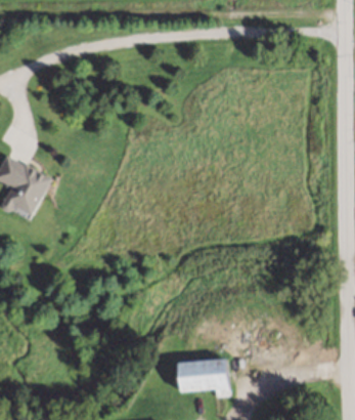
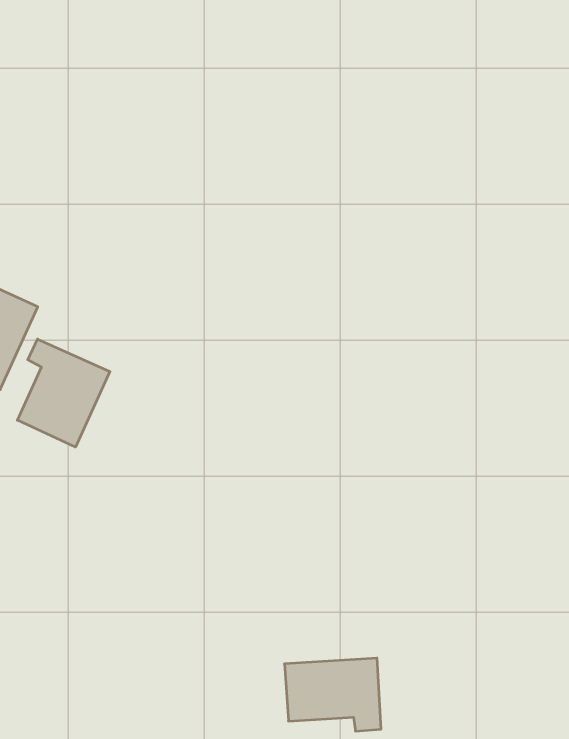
building: none -> [17,339,110,447]

